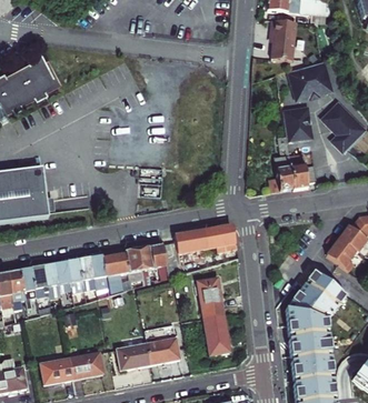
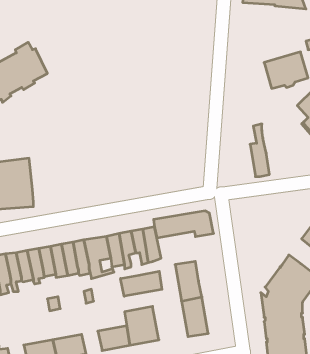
building: [268,18,298,61] -> none
building: [281,102,315,141] -> none
building: [291,153,317,188] -> none
building: none -> [121,271,162,296]

